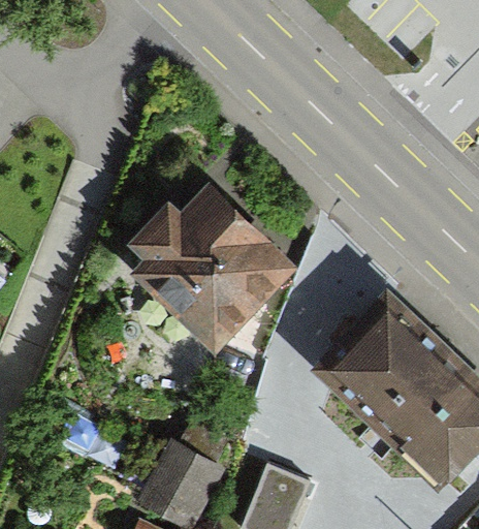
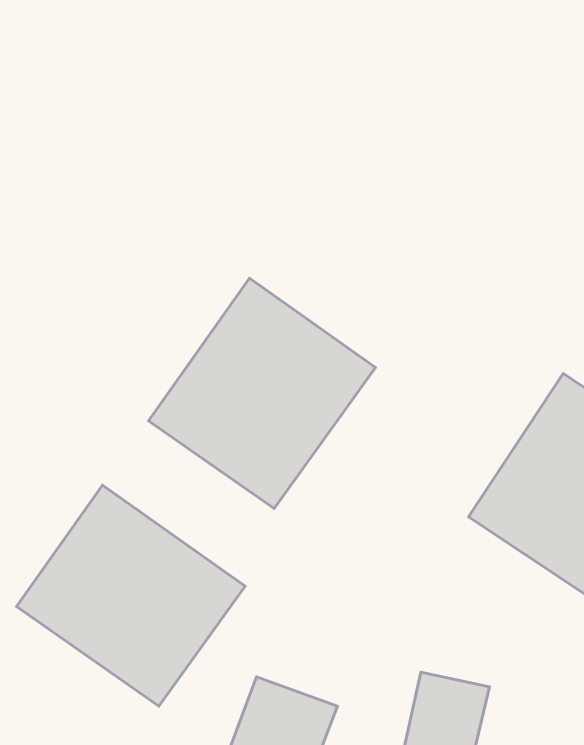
building: none -> [17,485,245,706]

